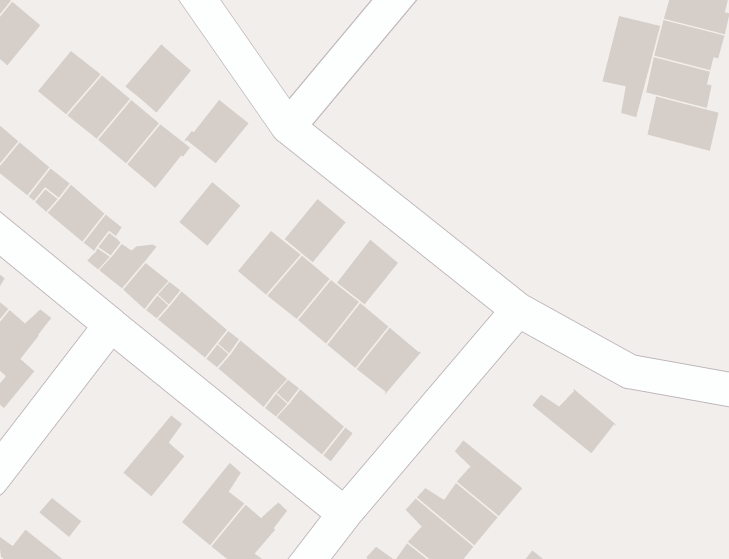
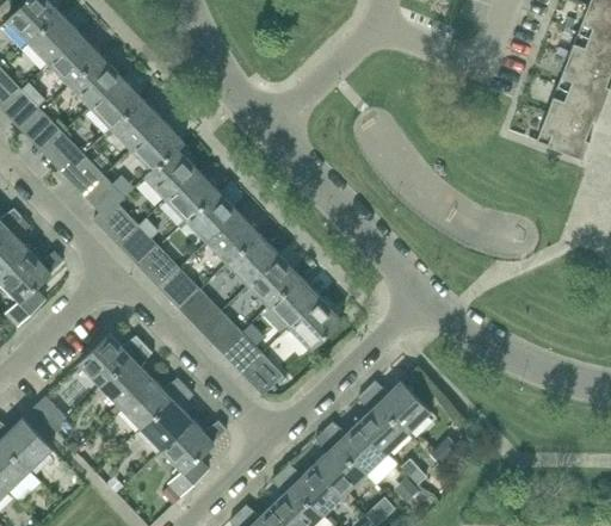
building: [602,15,661,118] -> none
building: none -> [50,36,100,86]
building: [124,43,192,114] -> none
building: [646,95,720,152] -> none
building: [184,99,250,164] -> [144,149,197,199]
building: [283,198,347,264] -> [187,192,237,242]
building: [336,238,399,306] -> none
building: [531,388,617,454] -> [366,382,431,434]
building: none -> [79,335,144,386]
building: none -> [122,379,185,429]

